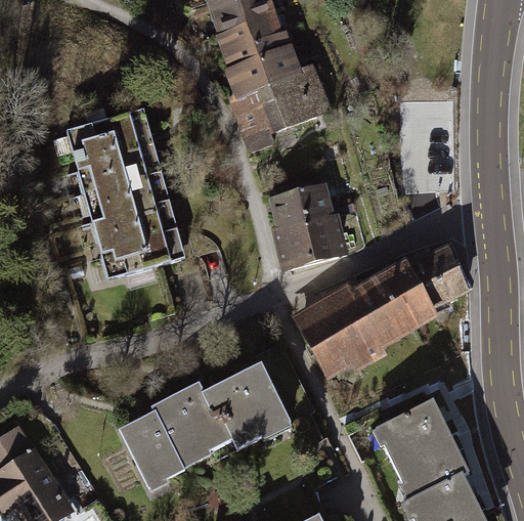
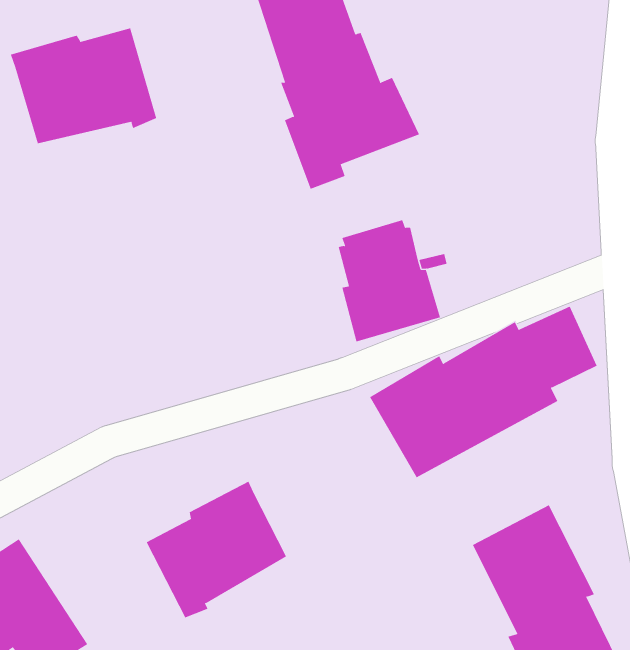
building: none -> [10,27,157,144]
building: [67,114,170,274] -> none
building: [204,361,294,452] -> none

